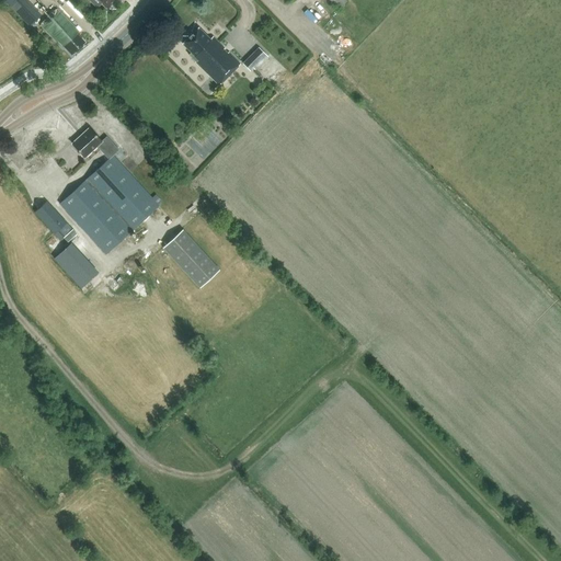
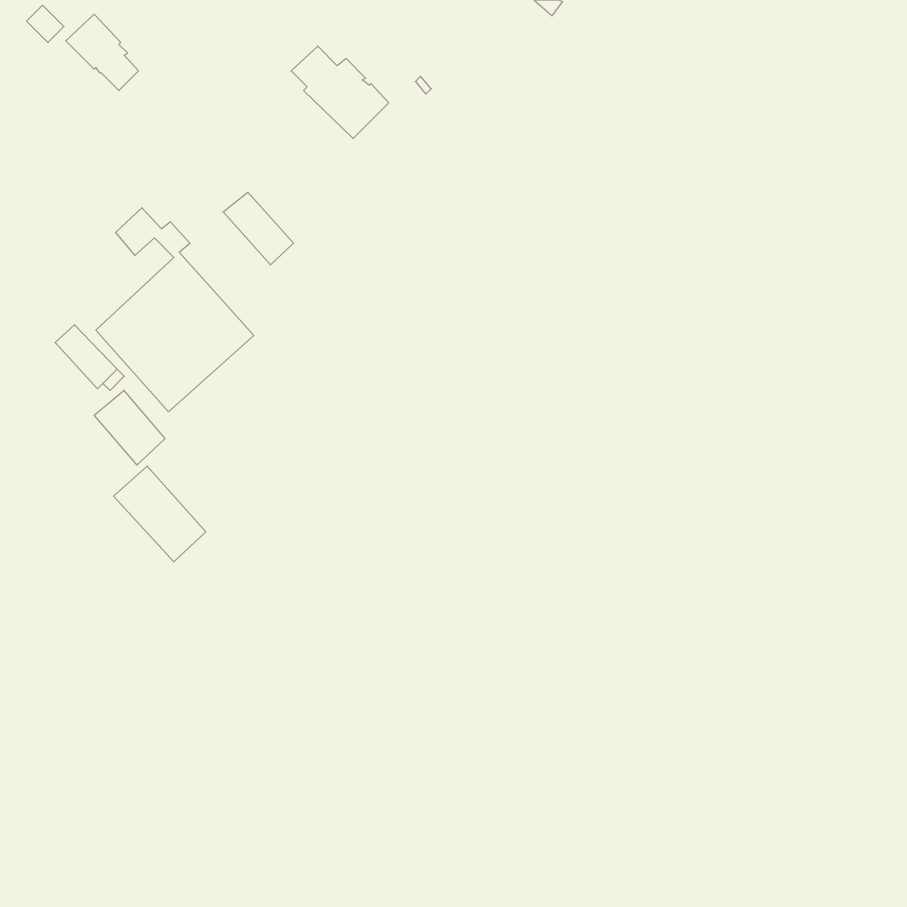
building: none -> [223,192,294,265]
building: [162,229,219,288] -> [114,466,206,562]

